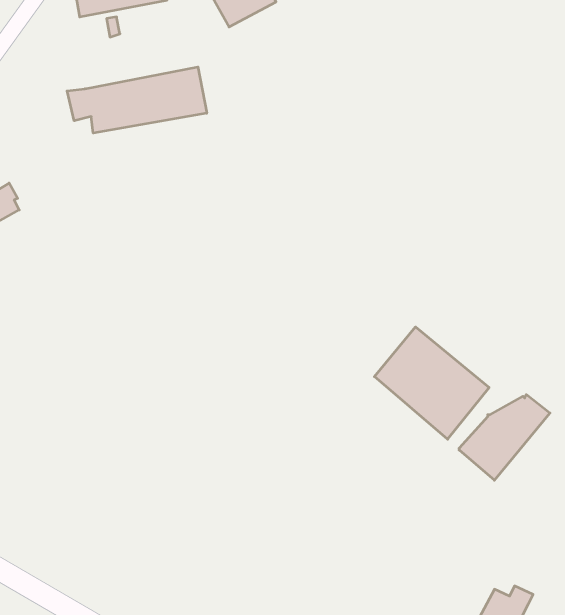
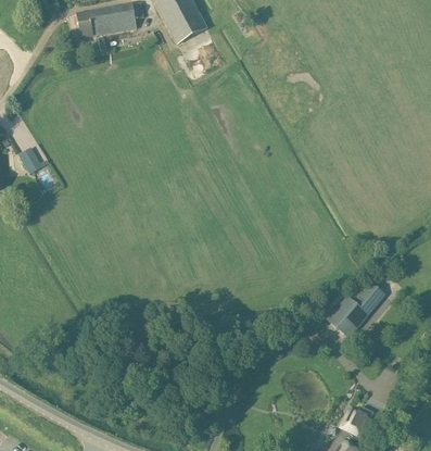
building: [67,67,207,133] -> none
building: [374,327,489,439] -> none

